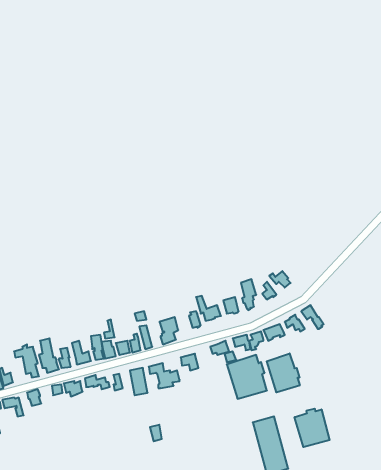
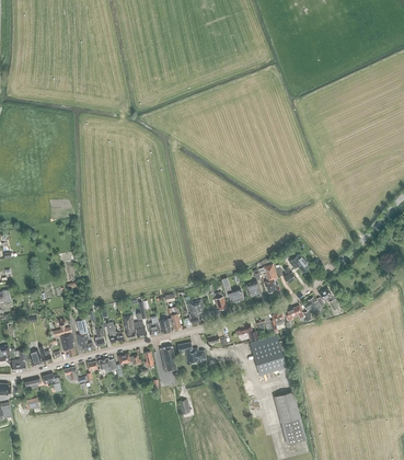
building: [267,353,300,392] -> none
building: [295,409,330,447] -> none

